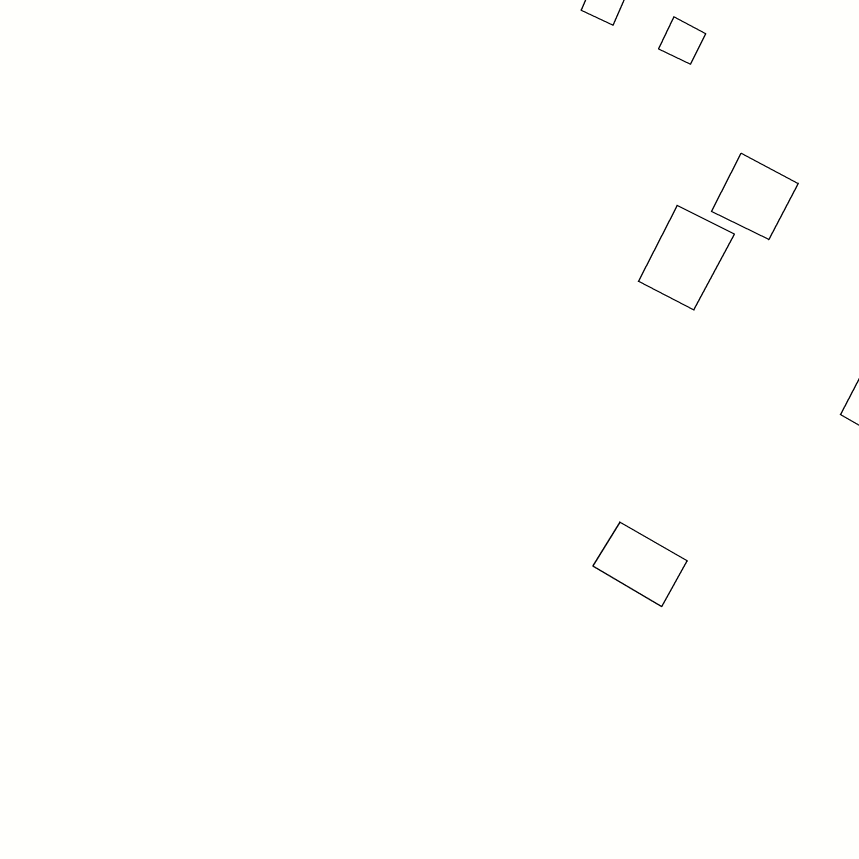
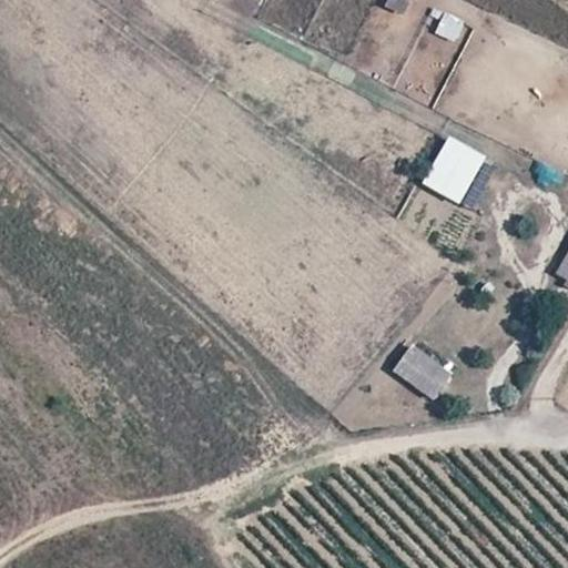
building: [712,153,798,240] -> none

